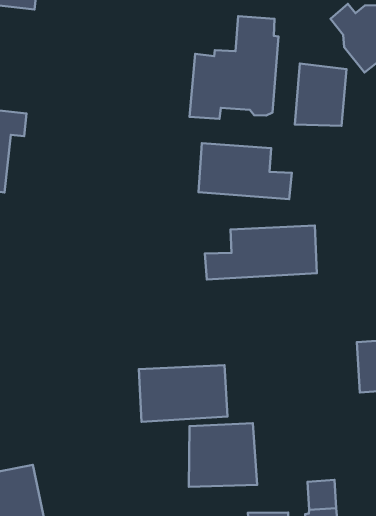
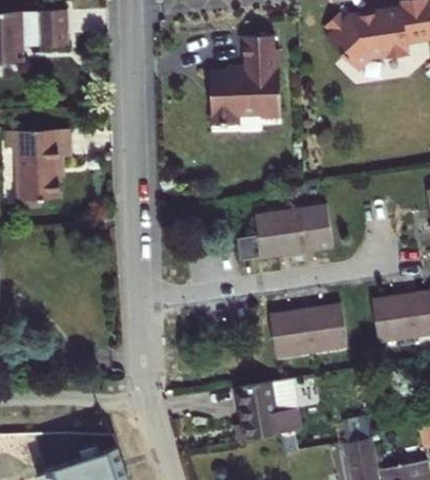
building: [295,63,346,126] -> none
building: [198,143,292,199] -> none
building: [139,365,227,422] -> [267,303,346,358]

